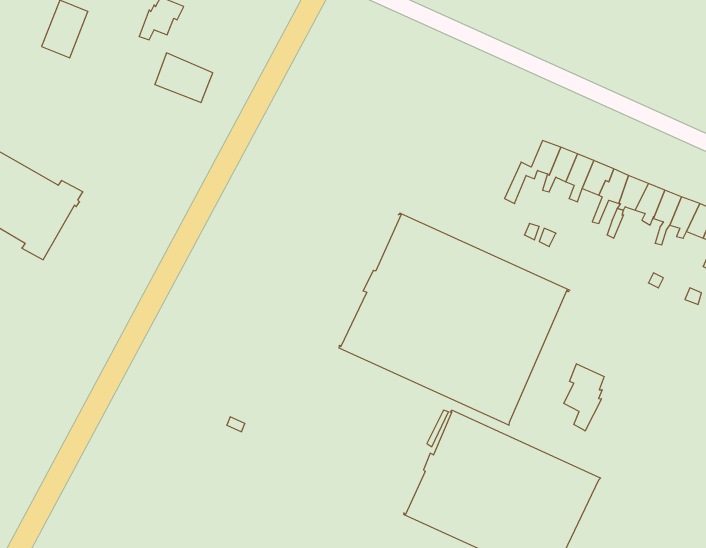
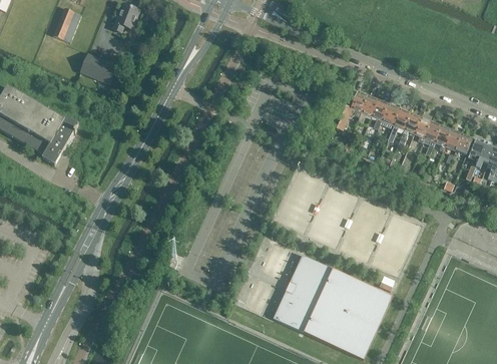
building: [155,53,213,103] -> [81,52,116,82]
building: [339,213,570,425] -> none
building: [564,364,604,431] -> none

